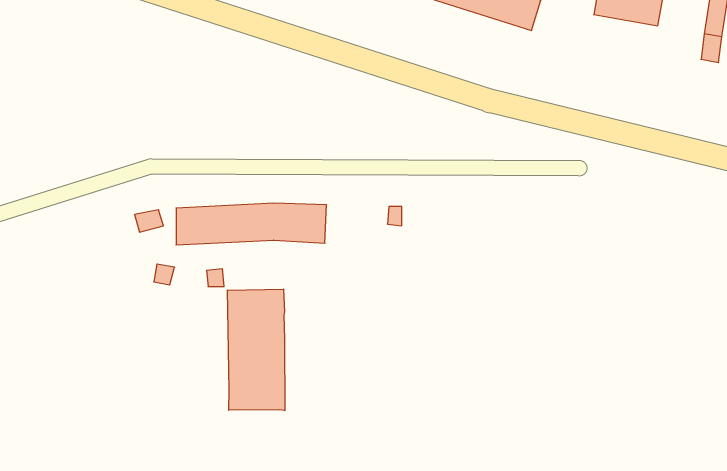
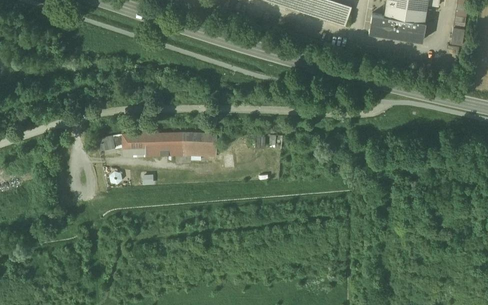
building: none -> [369,13,426,41]
building: [228,289,285,411] -> none

